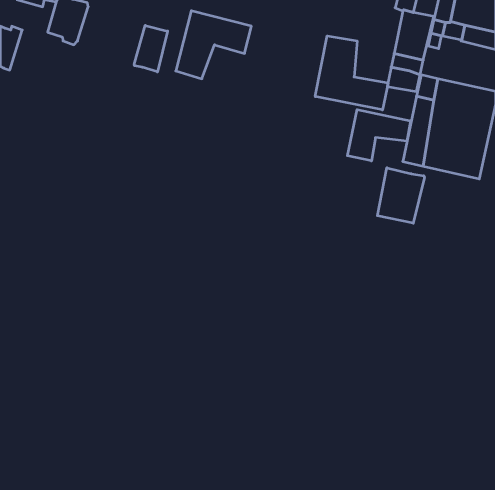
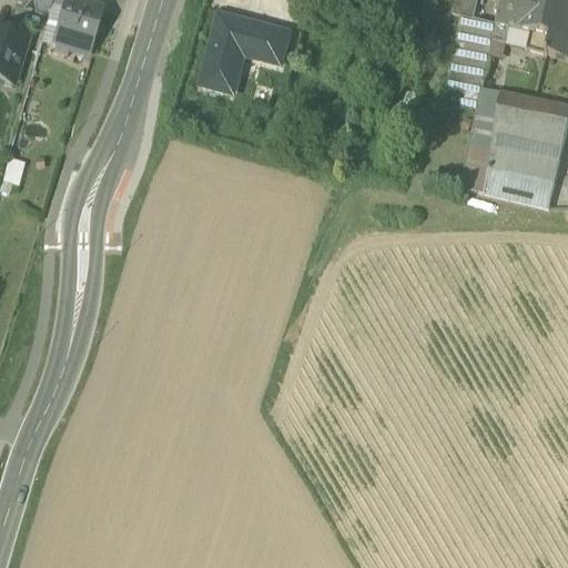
building: [134,25,168,72] -> none
building: [315,36,388,110] -> none
building: [347,110,410,161] -> none
building: [377,168,424,223] -> none

